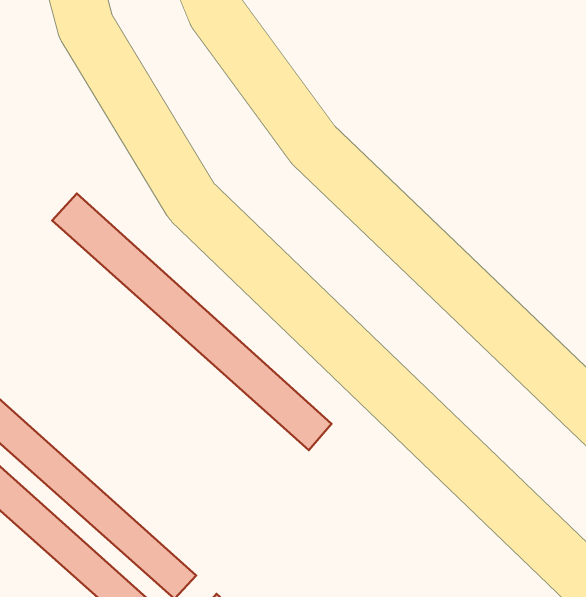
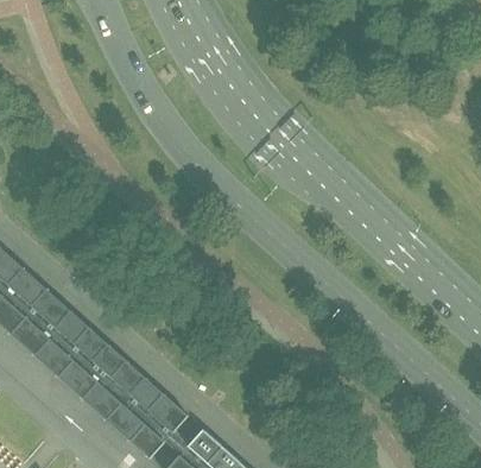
building: [52,194,332,450] -> none

